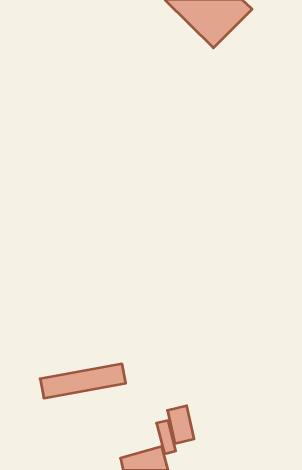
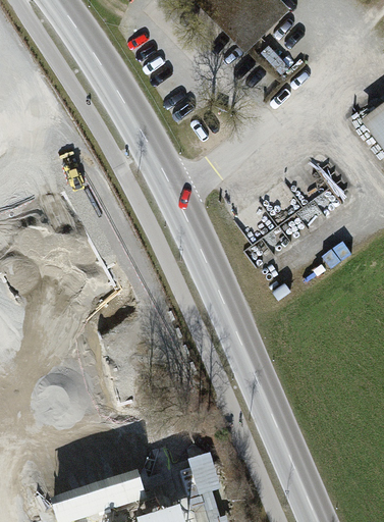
building: [40,364,126,398] -> [61,477,156,515]

